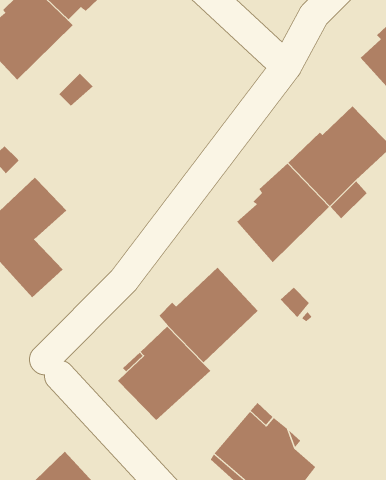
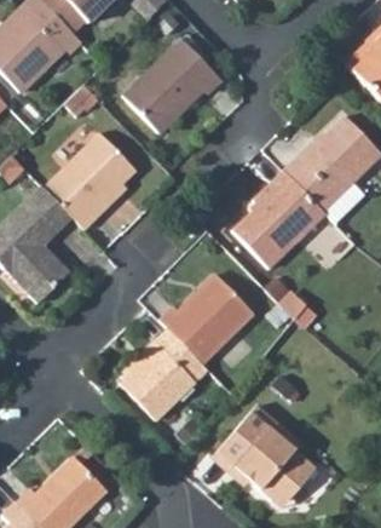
building: none -> [126,40,224,133]
building: none -> [42,132,134,229]

